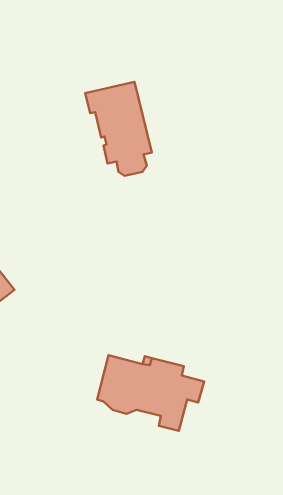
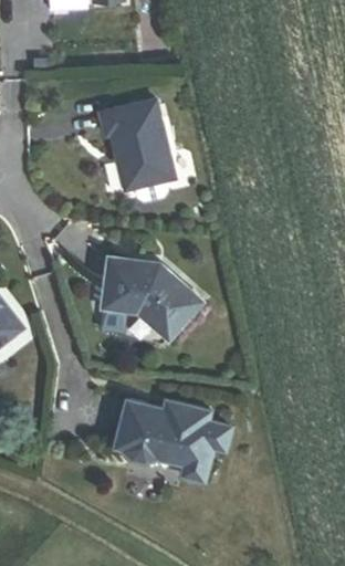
building: none -> [104,258,201,338]

